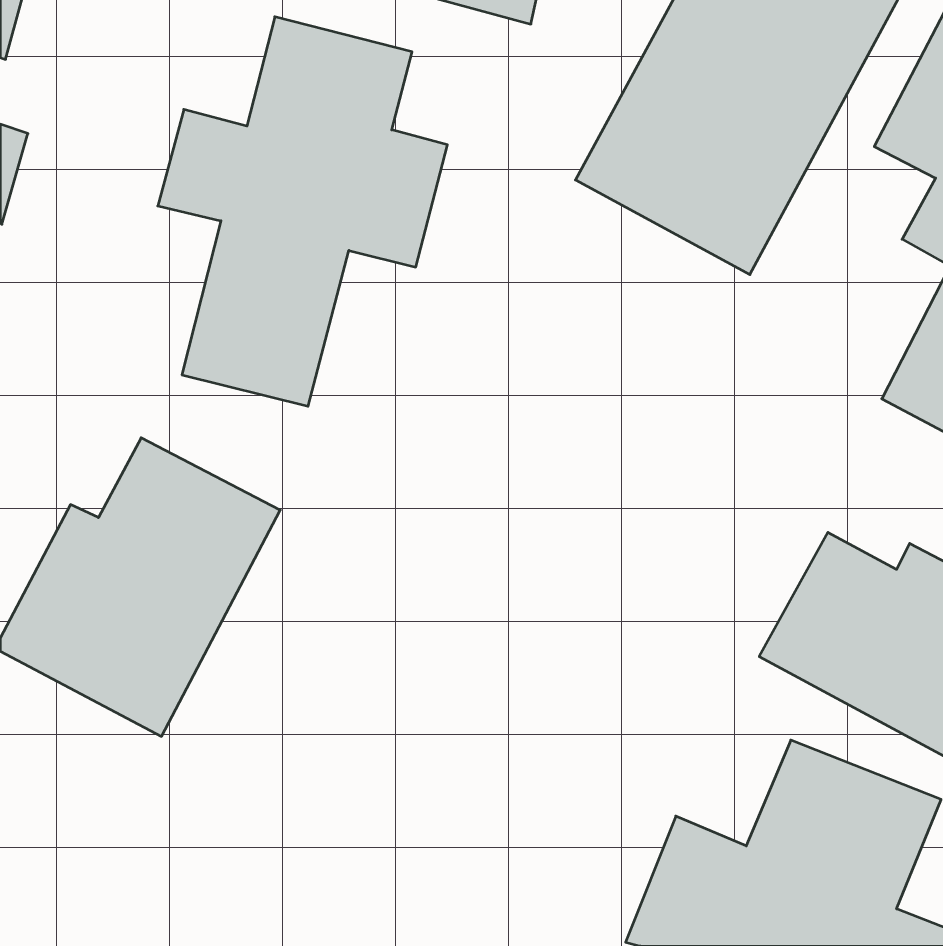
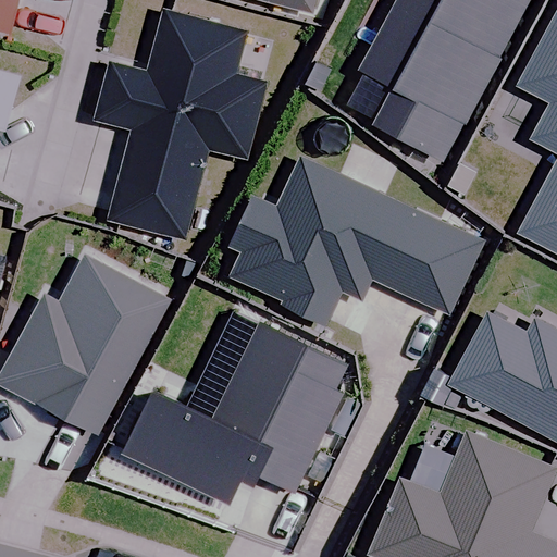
building: none -> [228,159,485,325]
building: none -> [123,312,344,504]

